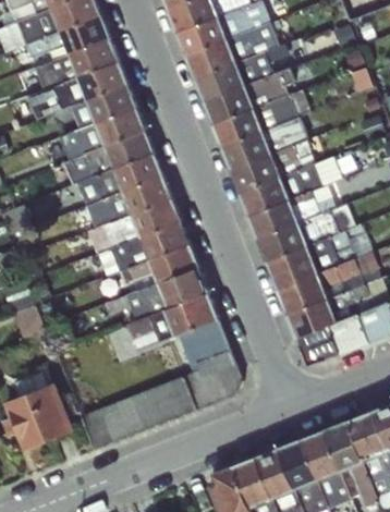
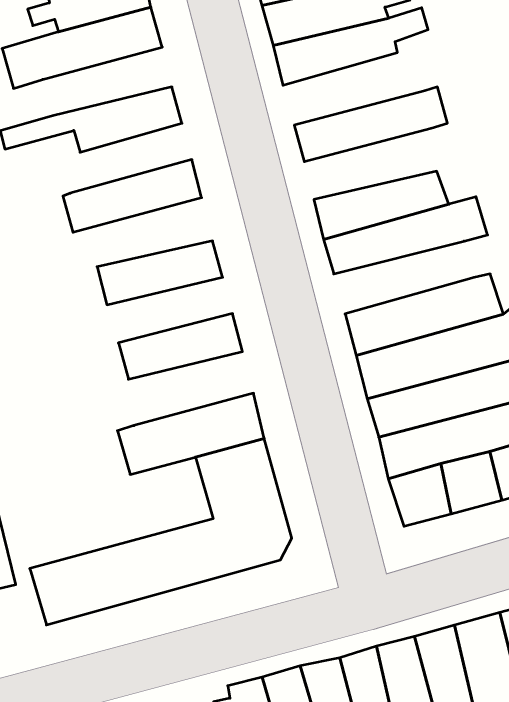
building: [204,65,295,124] -> none
building: [54,85,135,135] -> none
building: [222,117,308,169] -> none
building: [71,131,153,182] -> none
building: [84,175,171,229] -> none
building: [248,184,336,237] -> none
building: [110,223,188,271] -> none
building: [103,268,207,321] -> none

